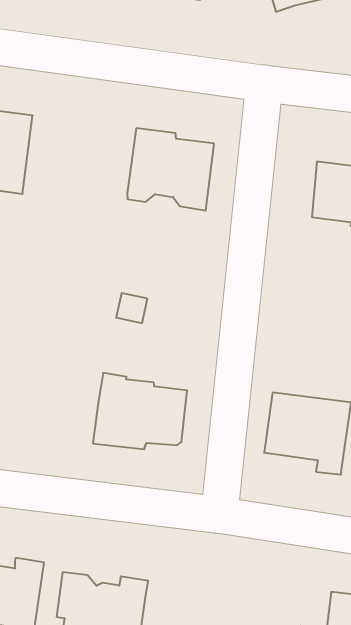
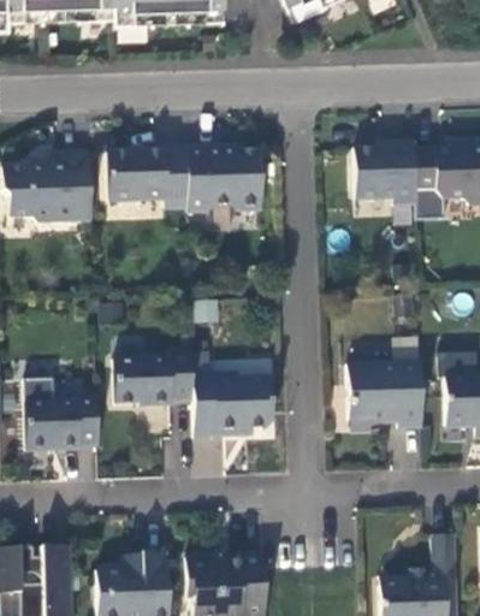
building: none -> [108,147,188,208]
building: none -> [115,349,192,404]

